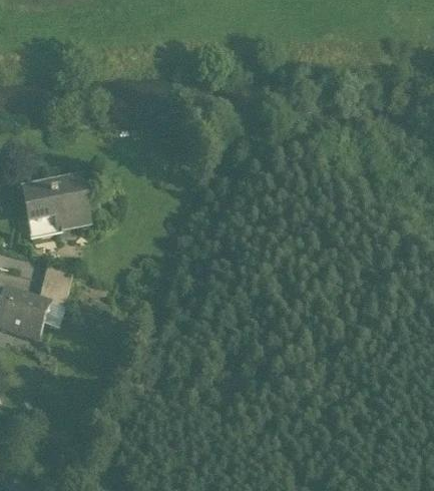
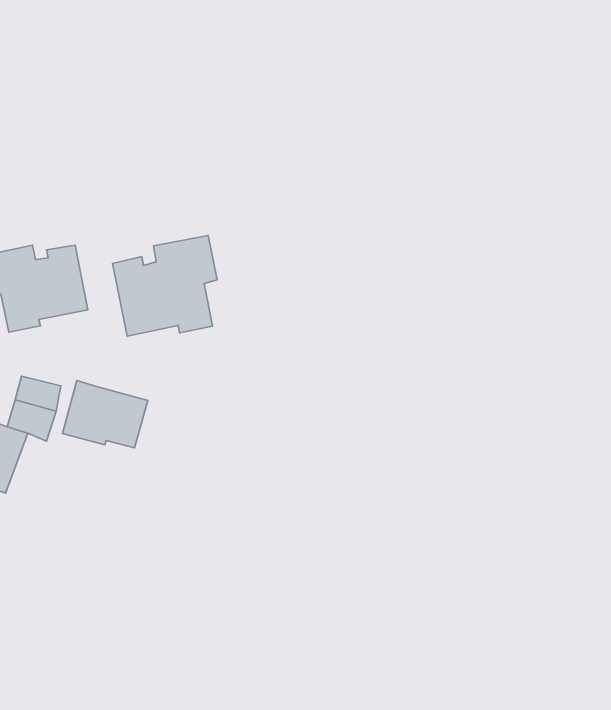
building: none -> [112,235,217,336]
building: none -> [63,380,148,448]

